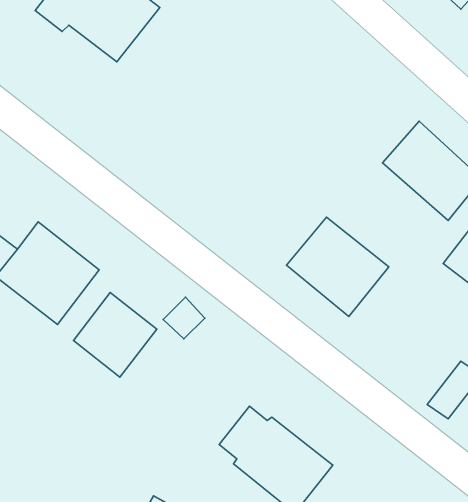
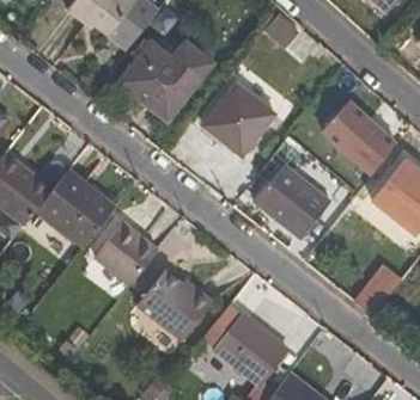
building: none -> [118,39,213,119]
building: none -> [202,82,275,155]
building: none -> [136,269,213,340]

